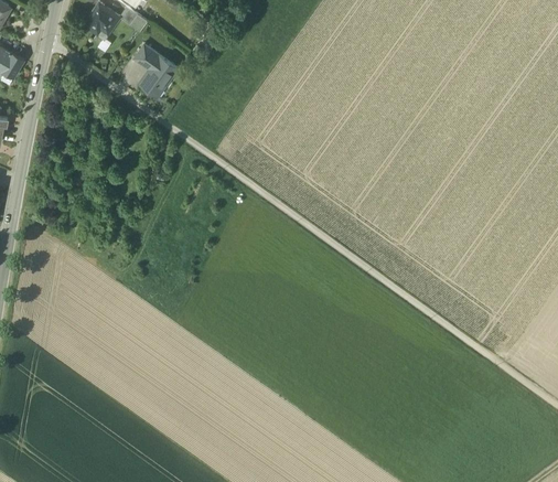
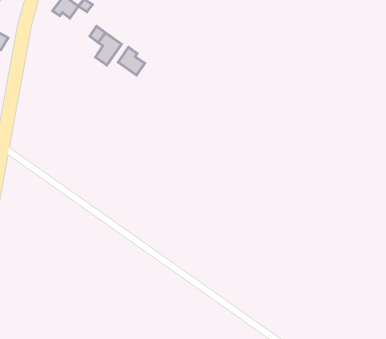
building: none -> [118,47,145,75]

